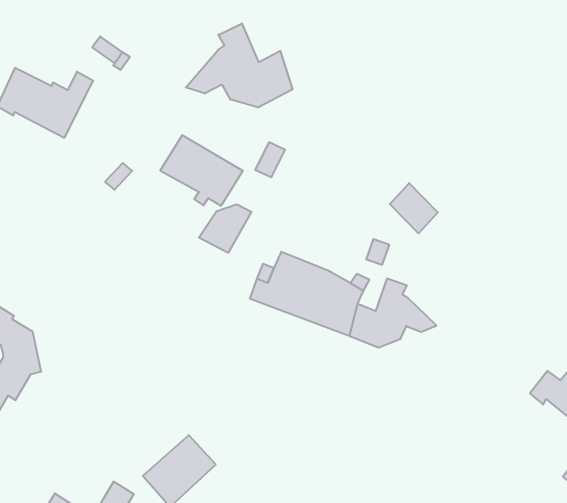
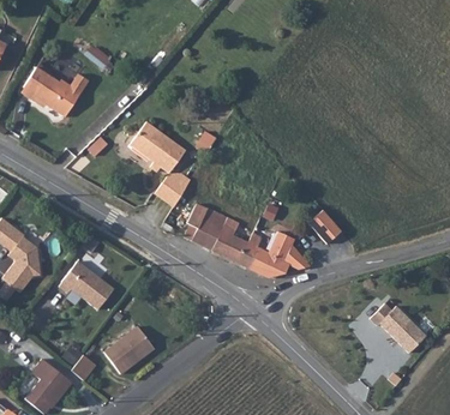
building: [186,23,292,108] -> none
building: [390,183,438,233] -> [310,209,342,243]
building: none -> [55,260,110,307]

